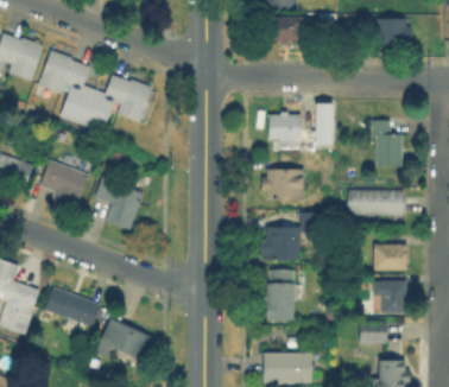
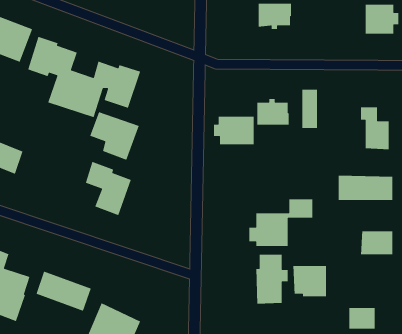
building: [39,159,90,209] -> [89,111,140,161]
building: [261,171,303,201] -> [213,116,254,145]
building: [372,280,406,312] -> [293,265,327,297]

